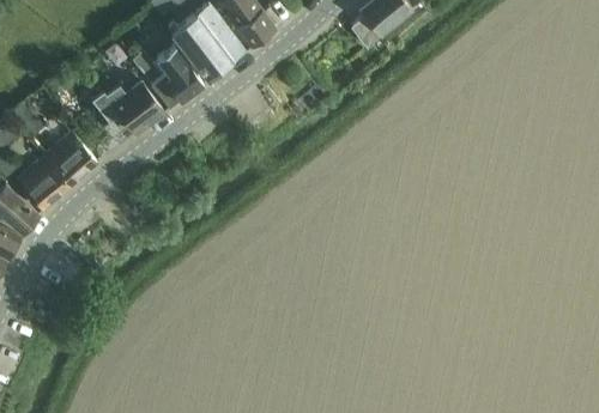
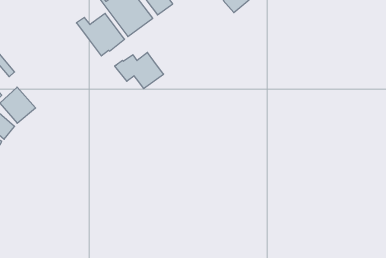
building: [92,80,165,134] -> [115,52,164,89]
building: [43,132,97,187] -> none

